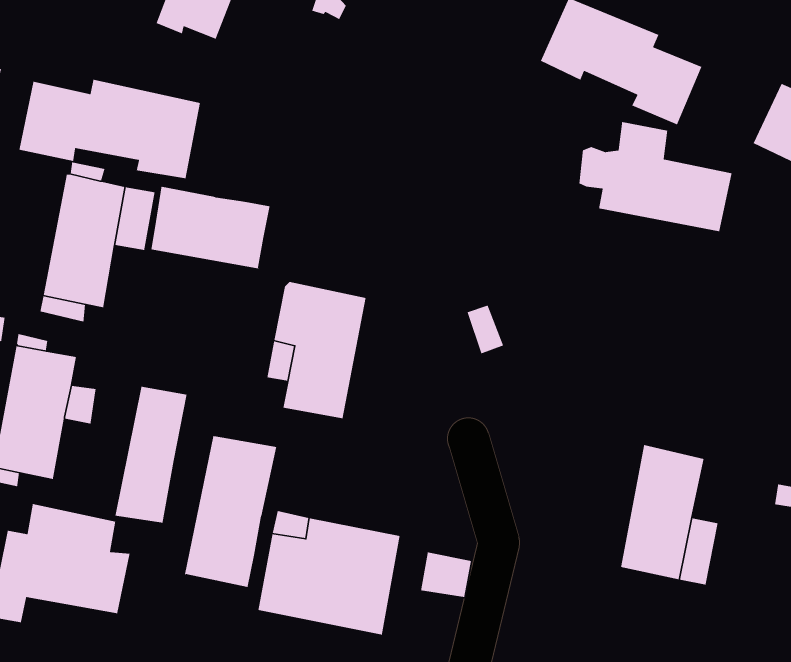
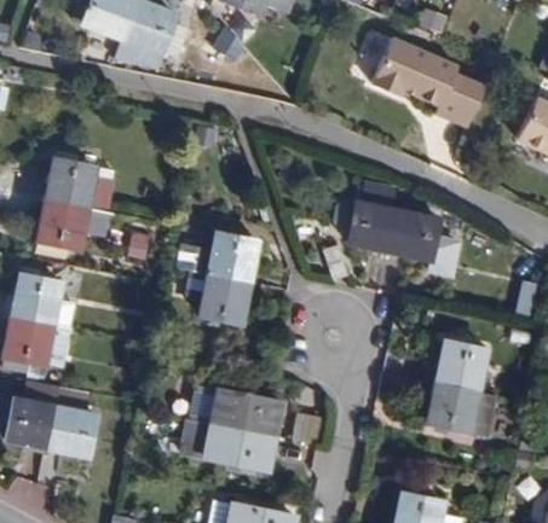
building: [18,79,201,179] -> none
building: [579,121,732,232] -> [336,184,440,258]
building: [150,186,270,270] -> none
building: [115,386,187,524] -> none
building: [184,435,277,588] -> none

